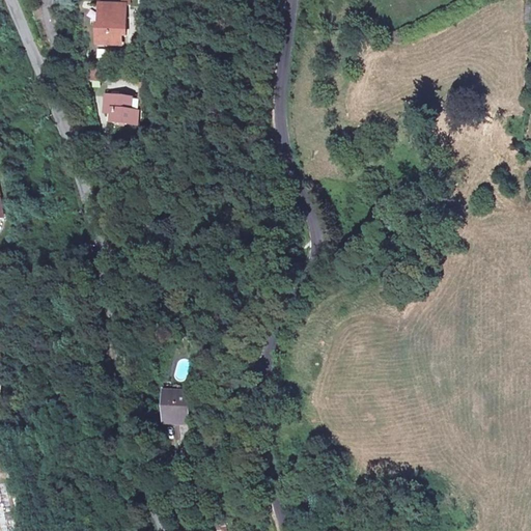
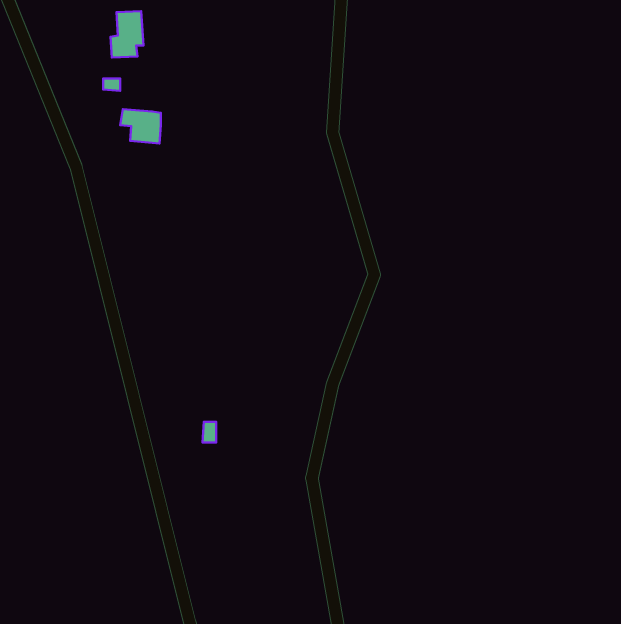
building: [162,392,184,420] -> none

